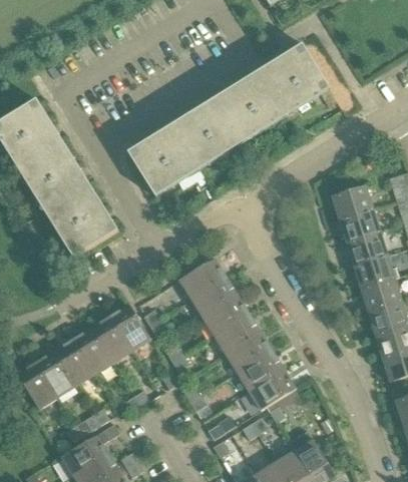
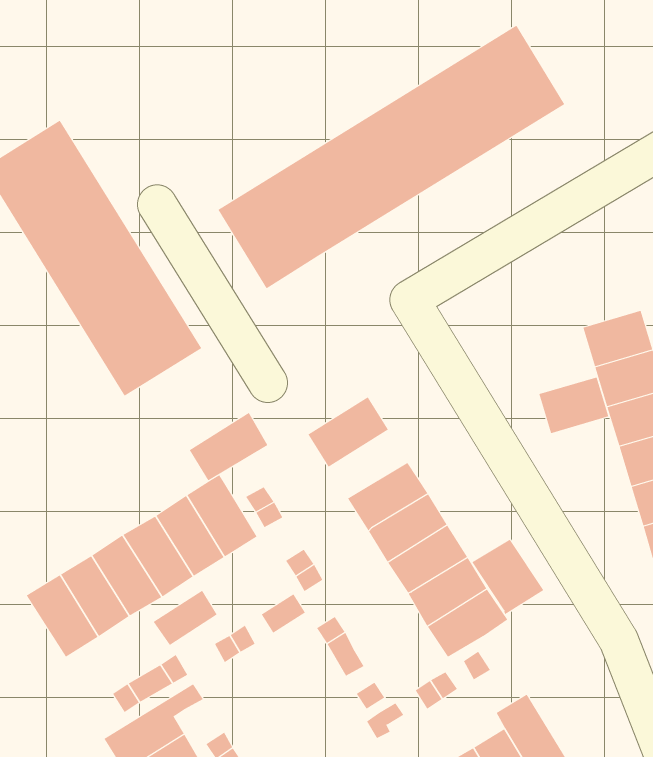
building: [332,184,373,217] -> [538,377,609,434]
building: [191,277,238,317] -> [189,412,268,481]
building: none -> [472,539,544,615]
building: none -> [153,590,218,646]

